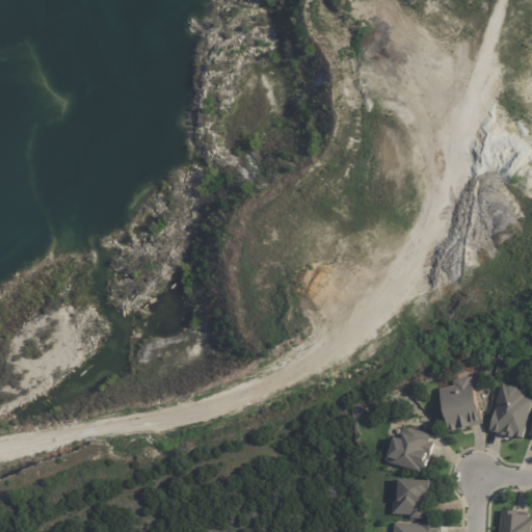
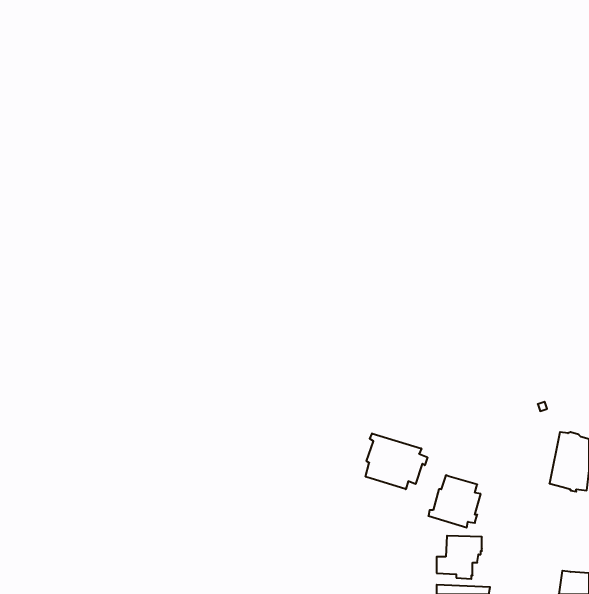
building: [438,378,480,433] -> none
building: none -> [366,433,427,489]

